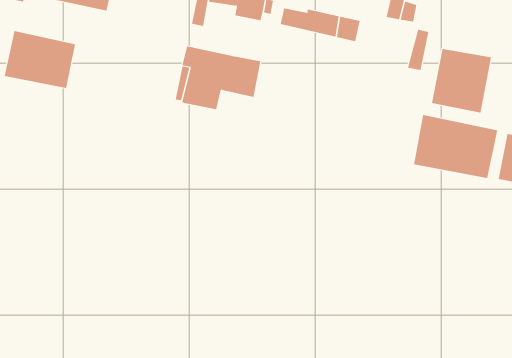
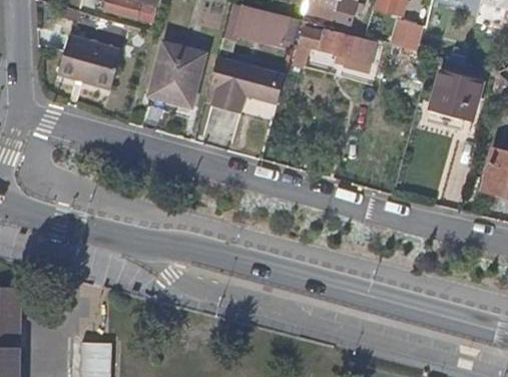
building: none -> [148,42,206,107]
building: [413,114,498,179] -> none

